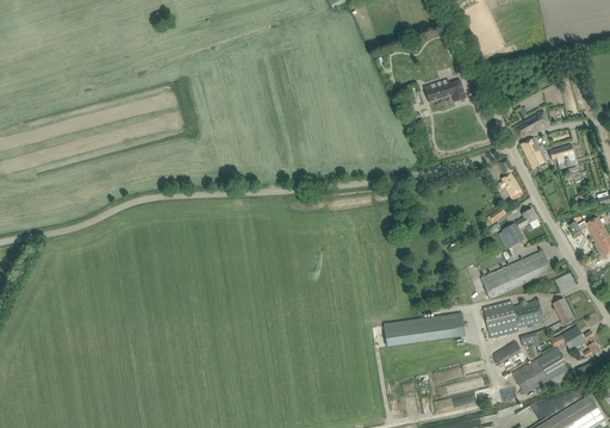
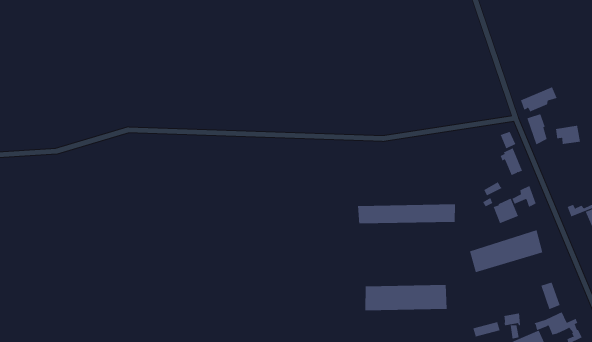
building: [424,80,466,101] -> none
building: none -> [357,204,455,224]
building: [483,299,543,337] -> none

